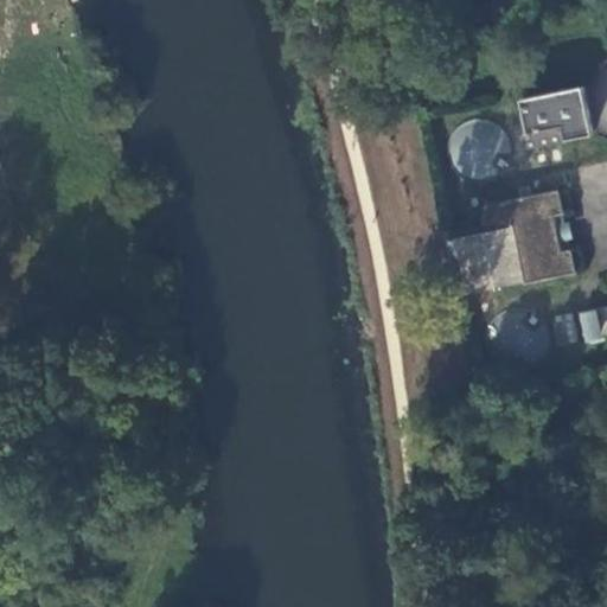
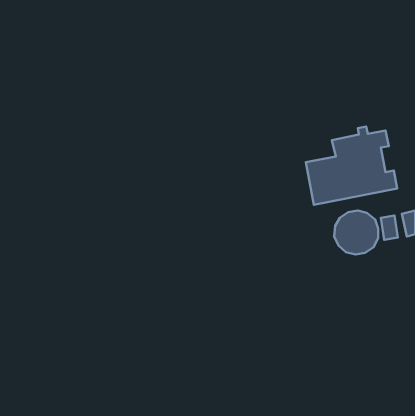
building: [518,83,594,147] -> none
building: [447,117,512,184] -> none

